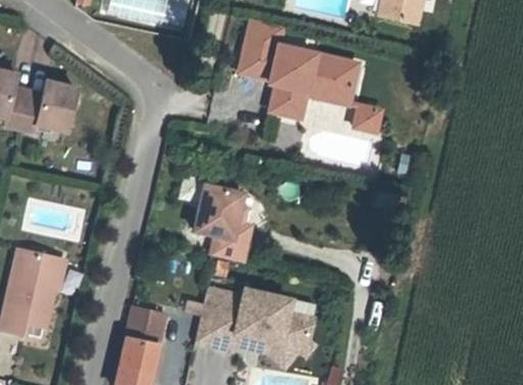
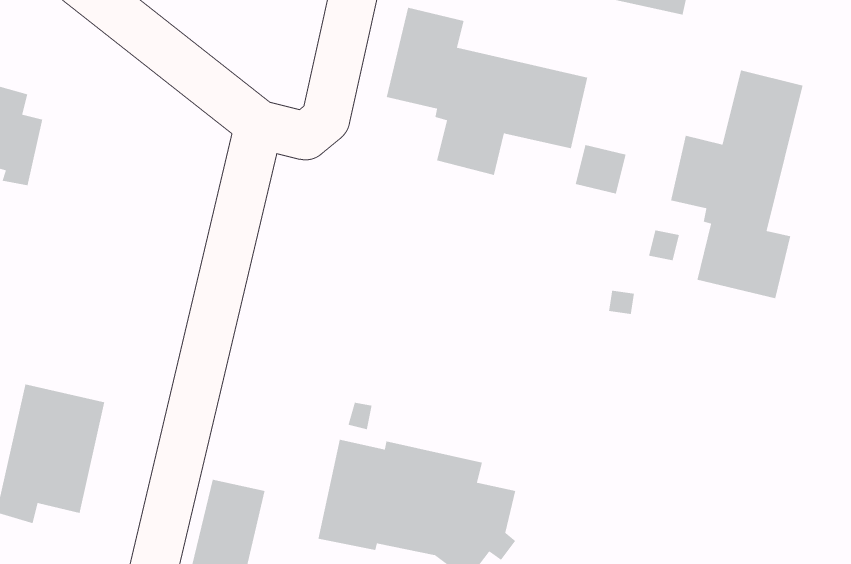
building: none -> [670,69,804,299]
building: [18,78,80,134] -> none
building: [191,183,253,263] -> none

